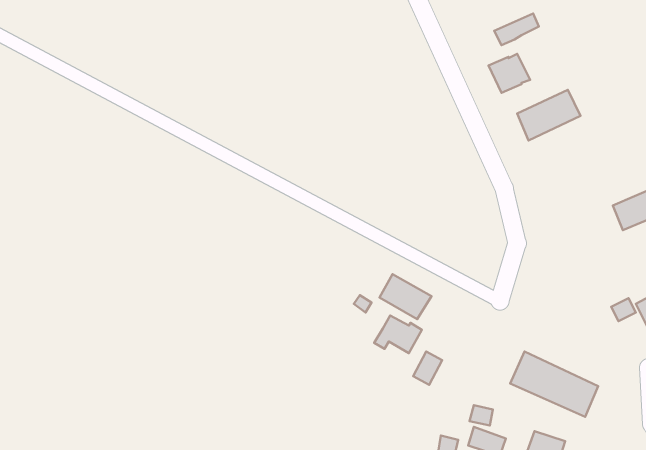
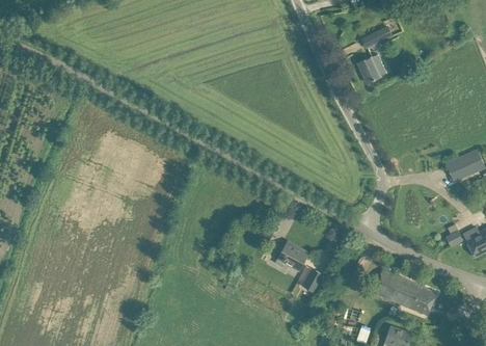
building: [517,90,580,141] -> none
building: [380,274,432,319] -> none

